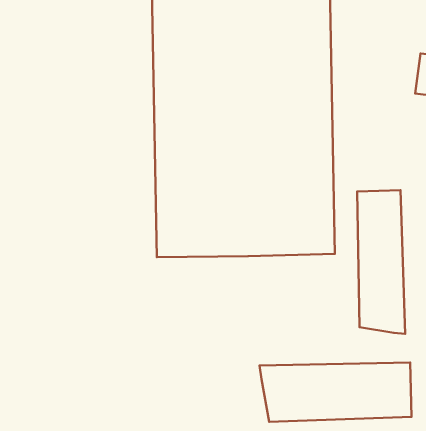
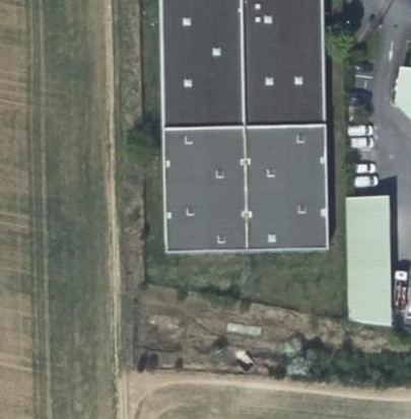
building: [260,363,412,422] -> none

